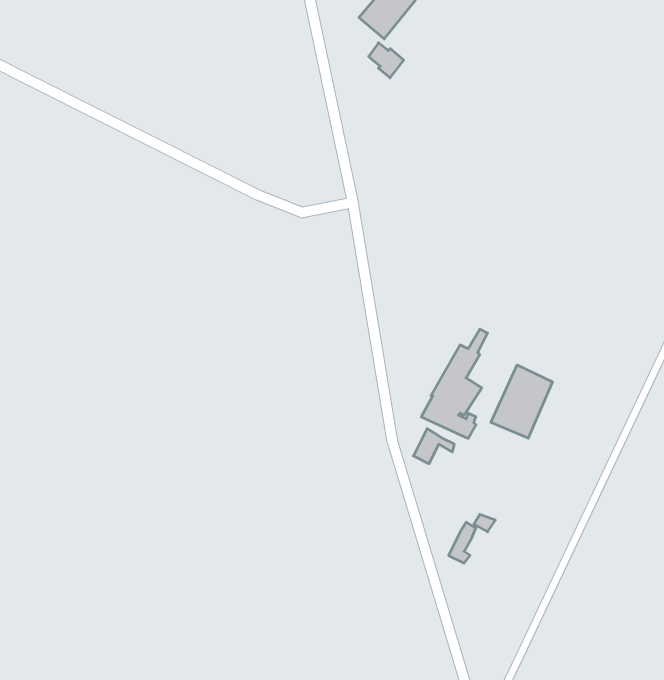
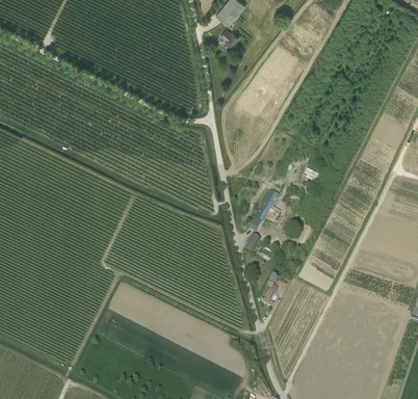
building: [491,365,552,438] -> none

